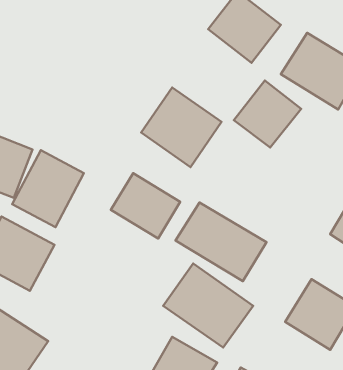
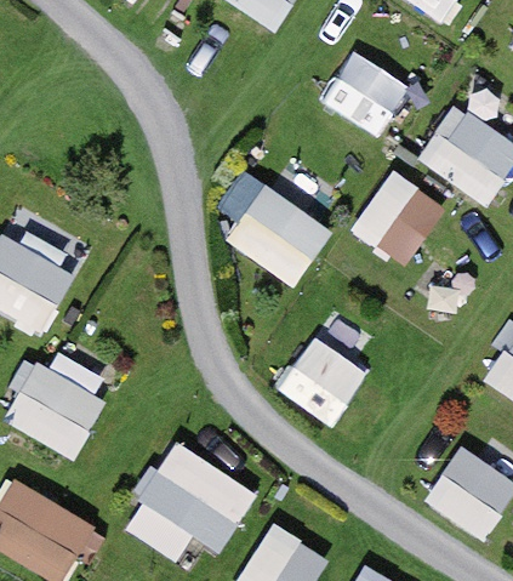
building: [12,150,84,227] -> none
building: [111,173,180,239] -> none
building: [163,264,253,347] -> [132,438,256,553]

